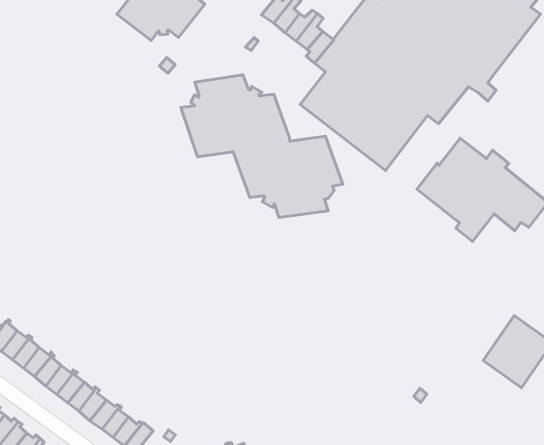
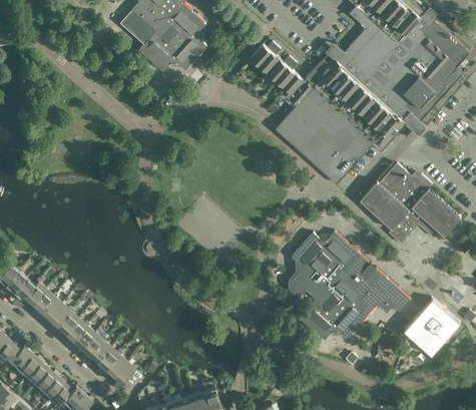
building: [181,75,343,217] -> none
building: none -> [290,232,411,340]

